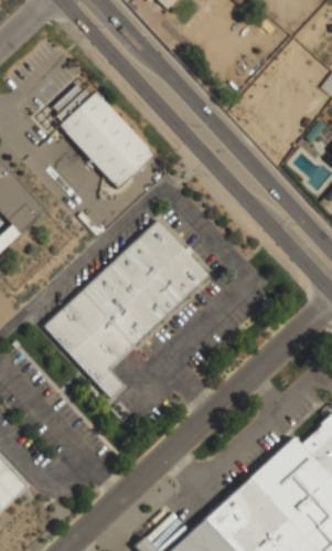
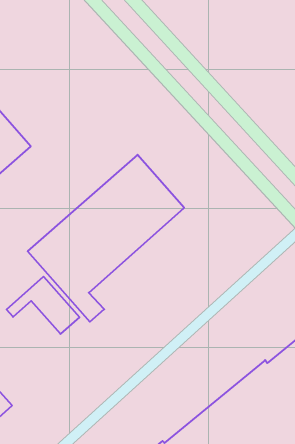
building: [47,77,153,188] -> none
building: none -> [7,277,79,334]

